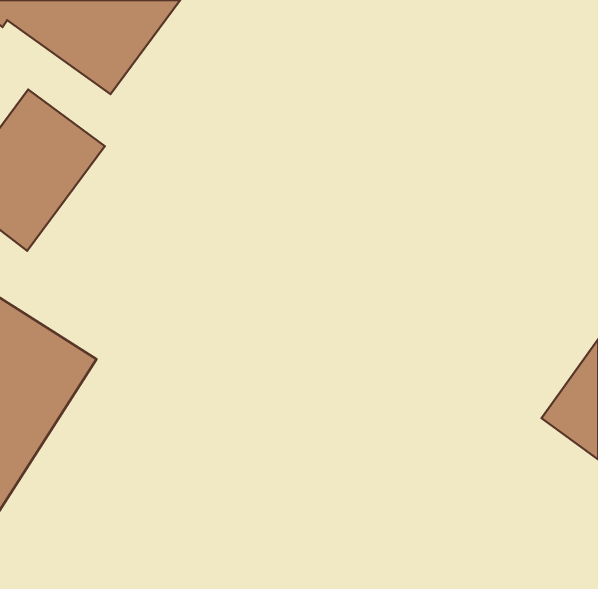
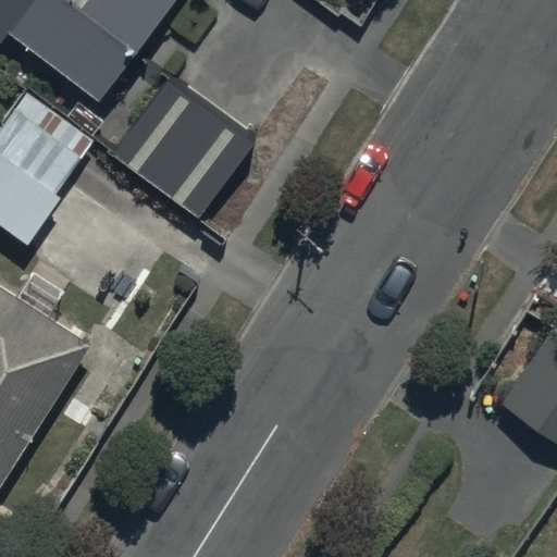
building: none -> [113,79,255,218]

